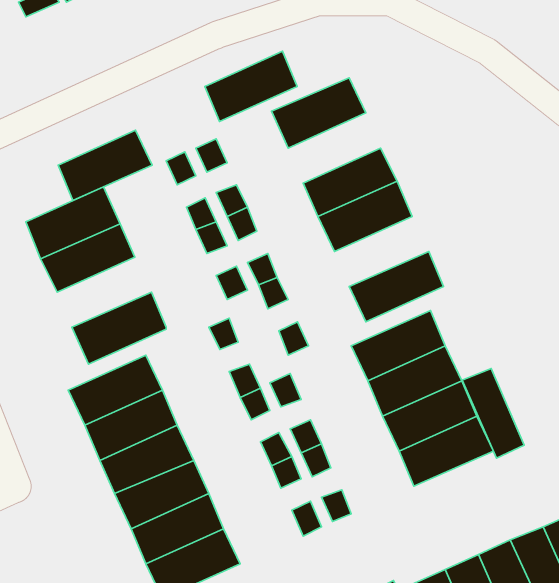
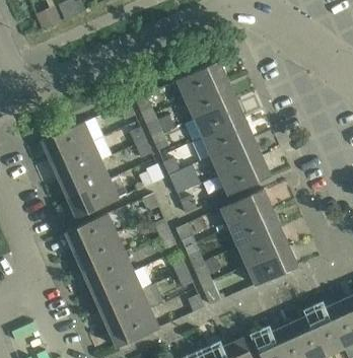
building: [205,51,297,122] -> [186,80,236,119]
building: [58,130,152,200] -> [59,159,111,198]
building: none -> [211,137,263,175]
building: [462,368,524,458] -> none

